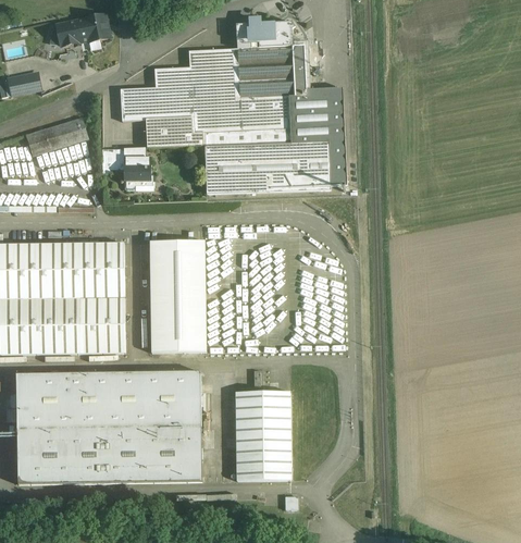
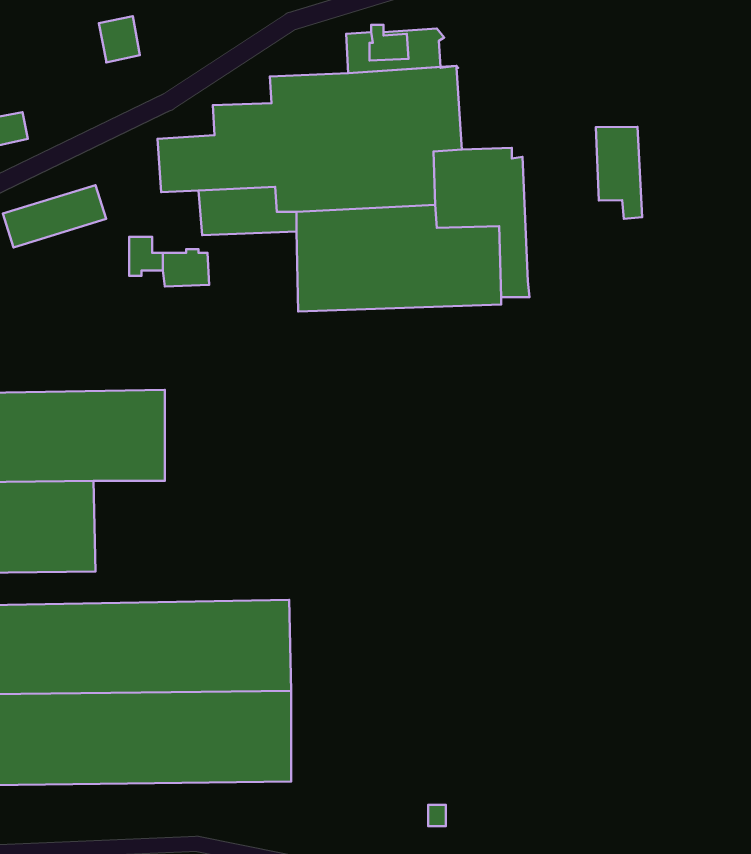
building: [57,17,88,46] -> none
building: none -> [596,127,642,219]
building: [149,239,206,351] -> none
building: [80,297,125,353] -> none
building: [235,391,290,480] -> none

